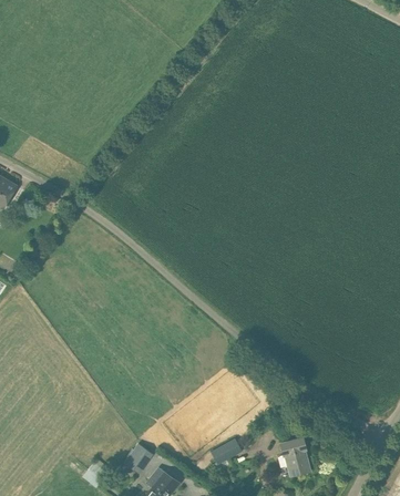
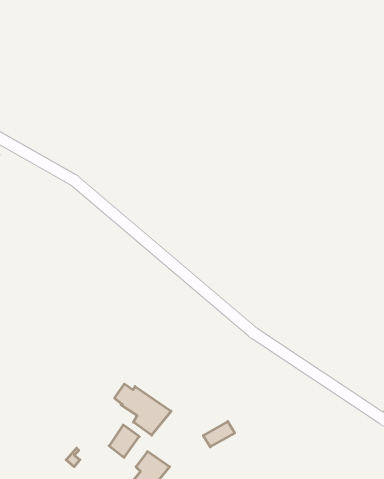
building: none -> [115,384,171,435]
building: [280,438,310,476] -> none

